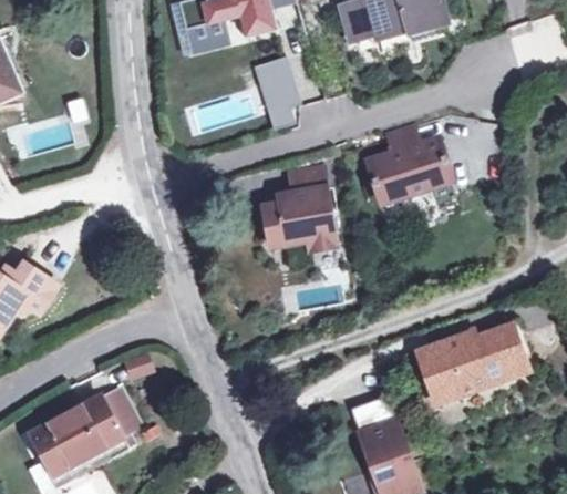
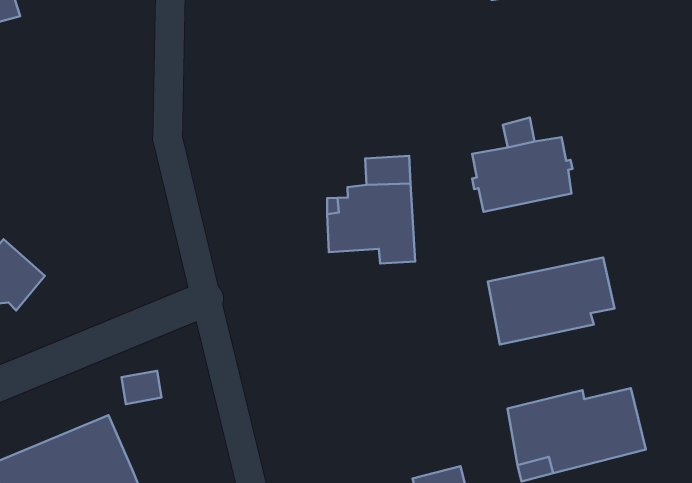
building: [250,58,296,128] -> none
building: none -> [488,258,615,345]

